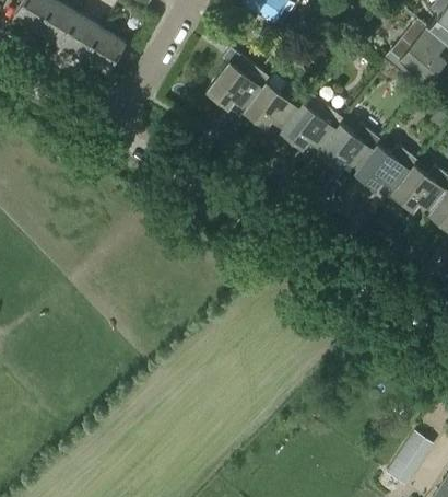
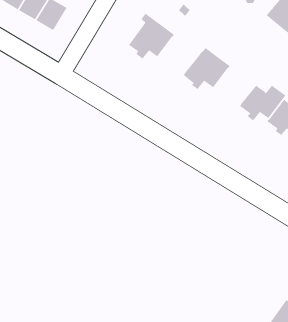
building: [243,83,305,134] -> none
building: [316,125,379,174] -> none

